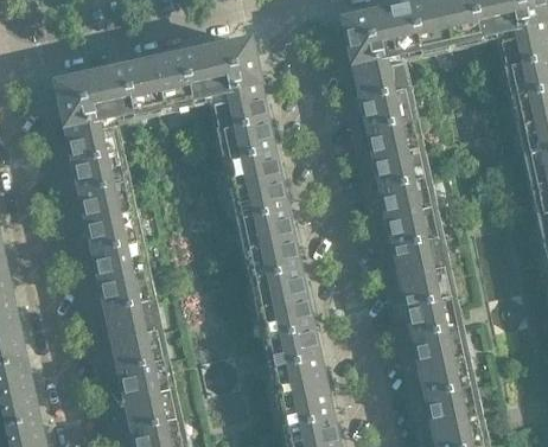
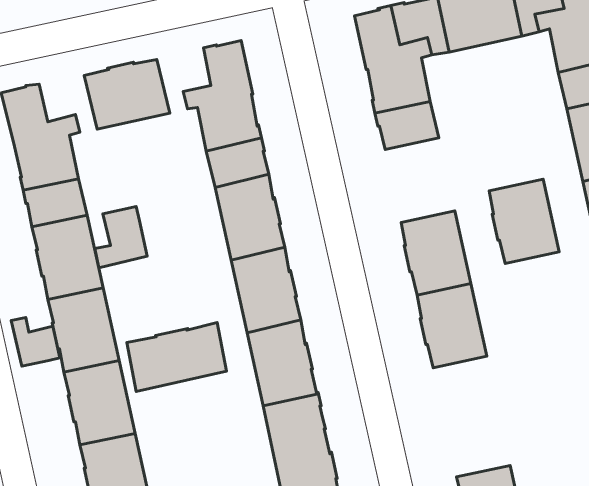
building: [181,43,225,96] -> none
building: [85,65,133,111] -> none
building: [368,116,425,185] -> [489,179,559,264]
building: none -> [95,206,147,268]
building: none -> [11,318,60,366]
building: none -> [127,323,227,391]
building: [406,294,470,392] -> none

